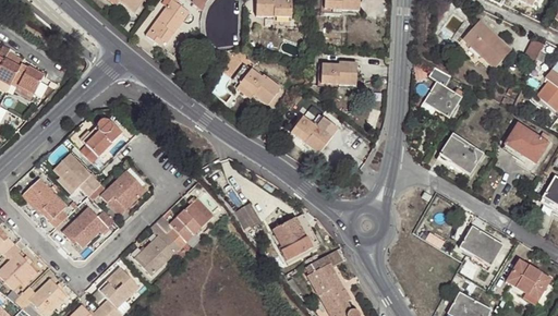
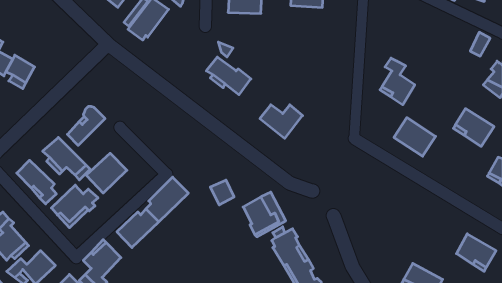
building: [462,20,511,68] -> none
building: [322,62,357,85] -> none
building: [458,226,504,266] -> none

